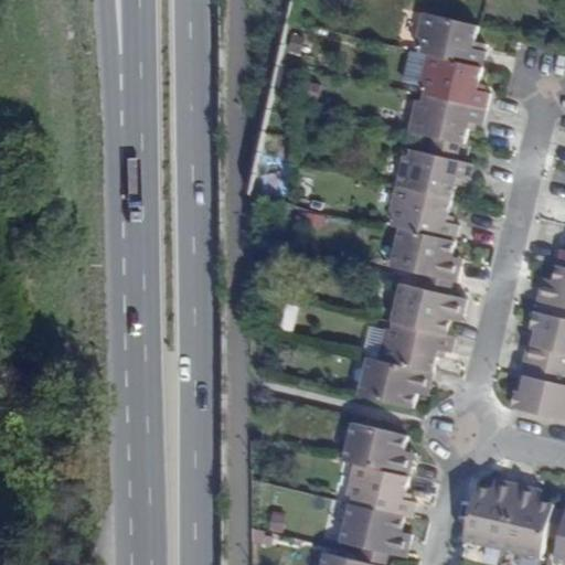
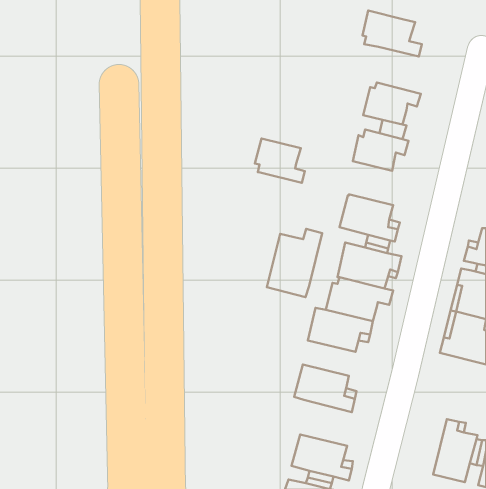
building: [429,55,489,109] -> none
building: [398,186,456,237] -> [255,139,305,183]
building: none -> [267,229,322,297]
building: [342,461,412,516] -> none
building: [460,479,514,547] -> none

